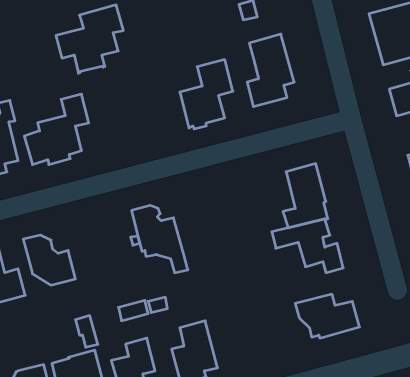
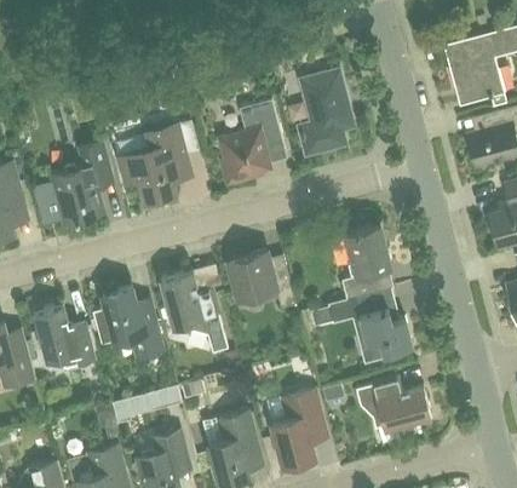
building: [56,5,123,73] -> [117,121,197,202]
building: none -> [228,251,295,310]
building: none -> [92,287,162,358]
building: none -> [271,390,326,470]

